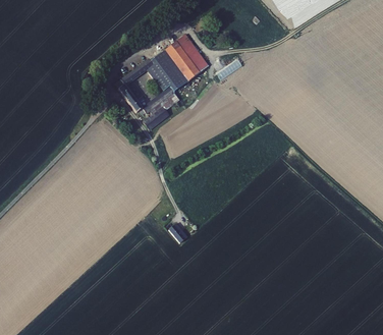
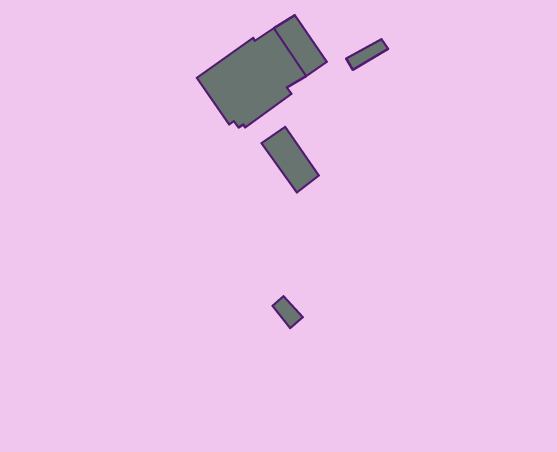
building: none -> [262,127,319,192]

